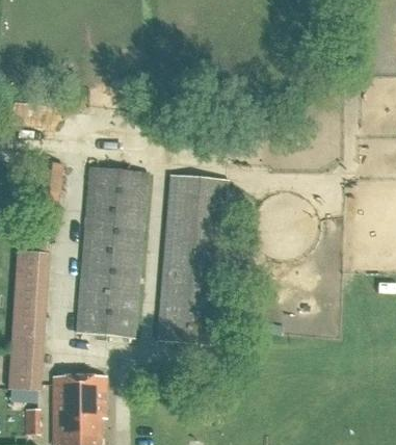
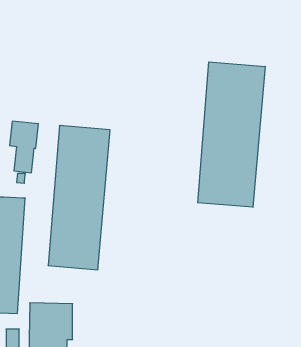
building: none -> [198,62,265,207]
building: [157,175,230,345] -> none

